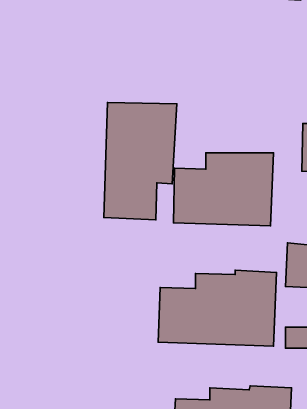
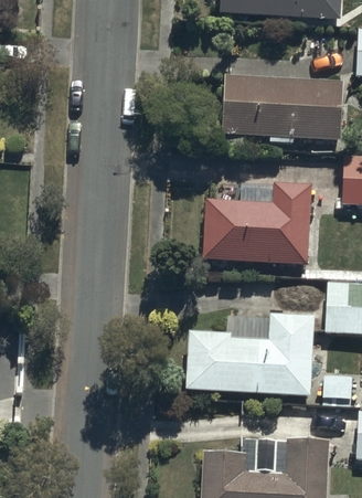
building: none -> [221,64,343,130]
building: [104,102,177,220] -> none

